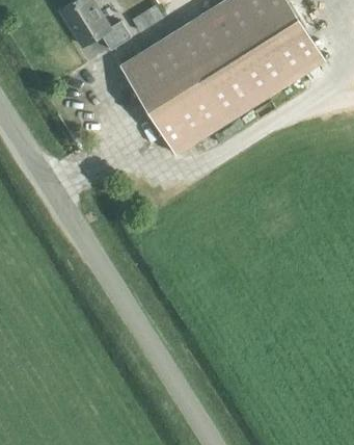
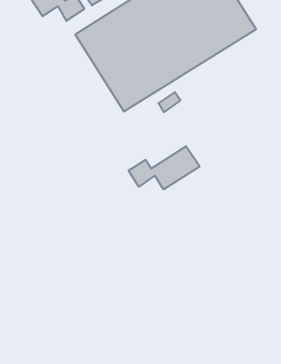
building: none -> [129,146,200,189]

